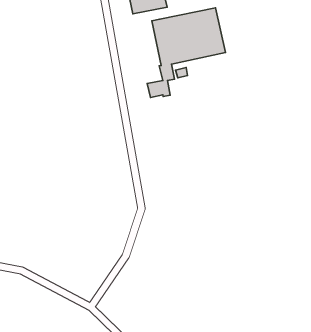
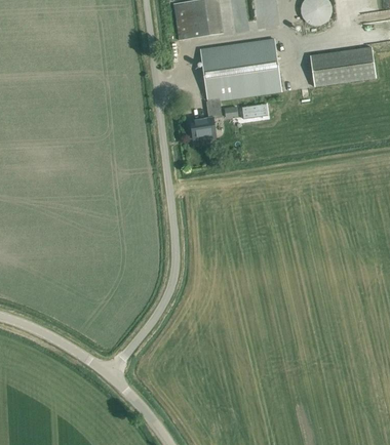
building: none -> [309,46,376,86]

